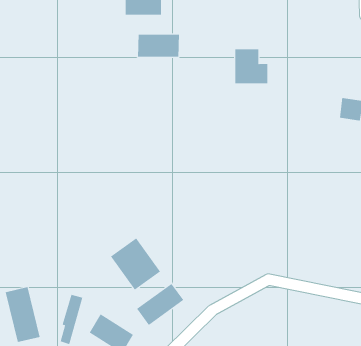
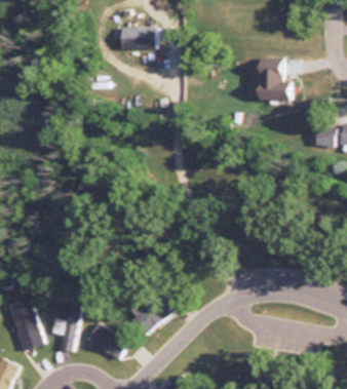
building: [138,34,180,57] -> none
building: [234,49,268,84] -> [257,69,287,101]
building: [110,237,161,290] -> none

